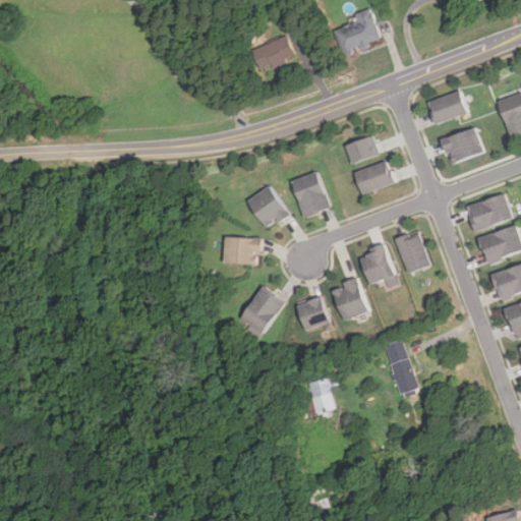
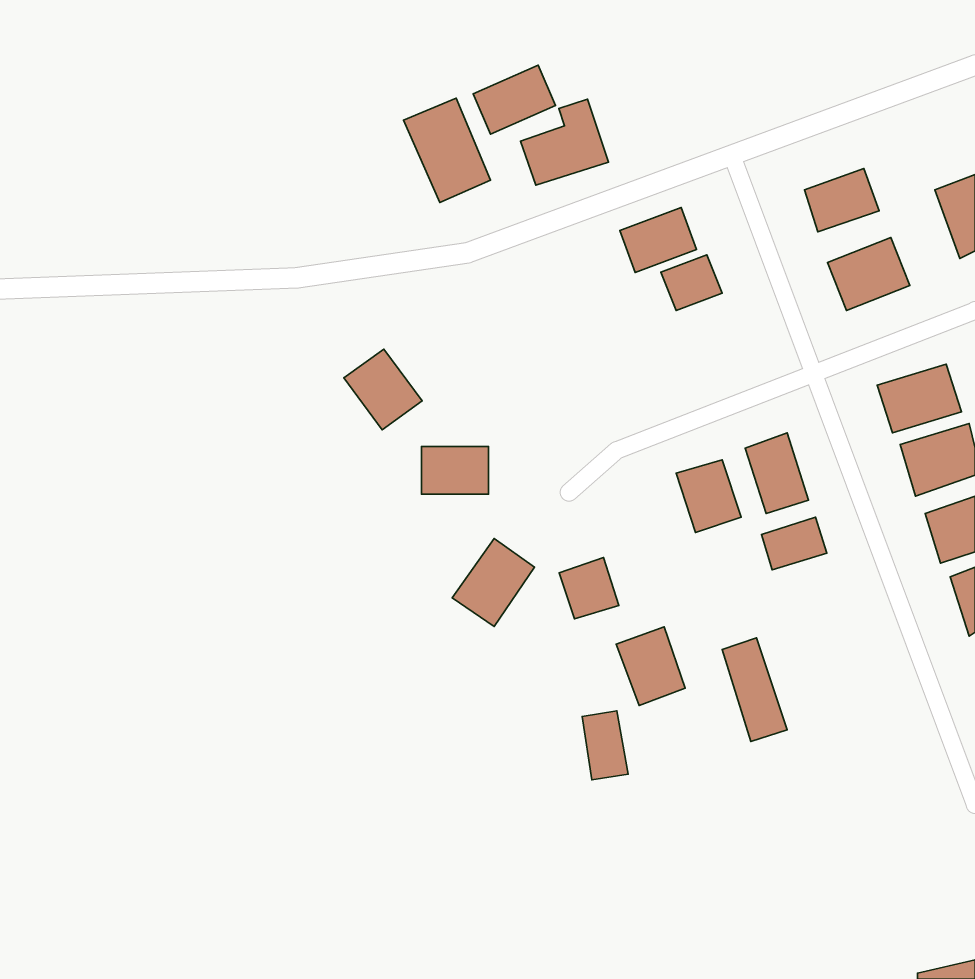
building: [334,7,381,53] -> [520,99,609,185]
building: none -> [403,98,490,203]
building: [359,161,400,195] -> [620,207,696,272]
building: [291,171,331,216] -> none
building: [247,185,289,228] -> [344,349,422,430]
building: none -> [762,517,827,570]
building: [332,278,368,320] -> [616,627,685,706]

